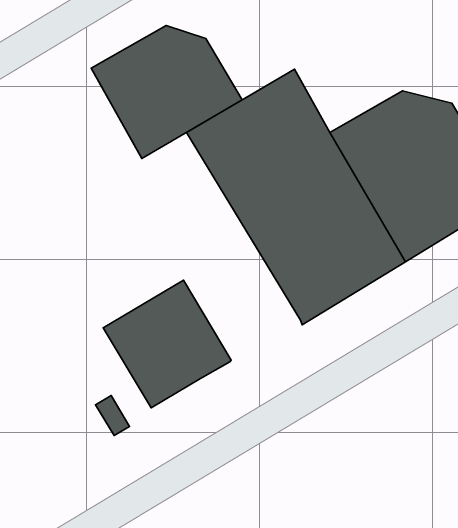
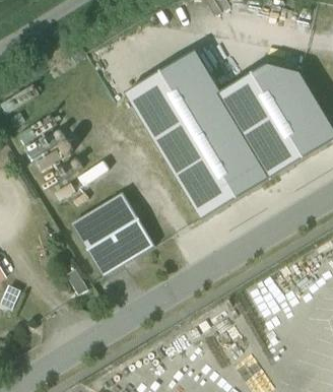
building: [91,26,242,158] -> none

